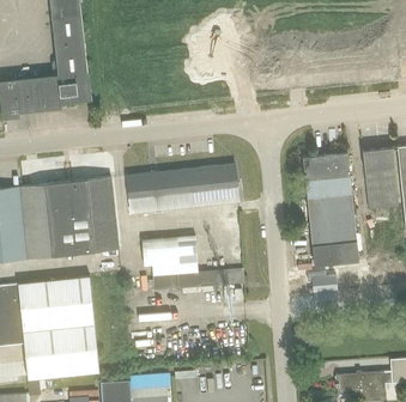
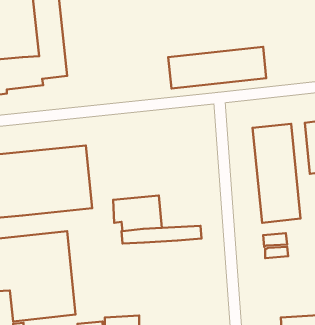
building: [127,164,240,212] -> [168,47,266,89]

